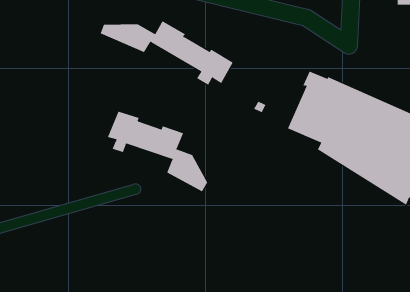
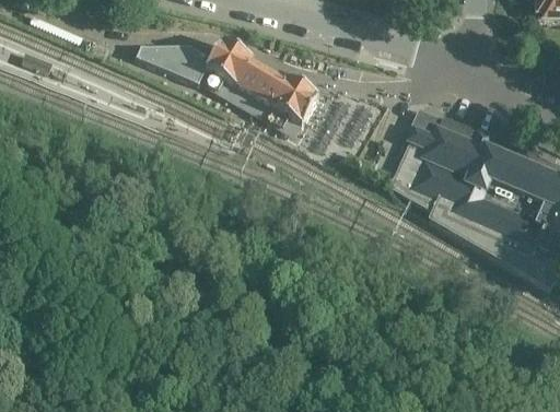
building: [107,111,208,192] -> none

